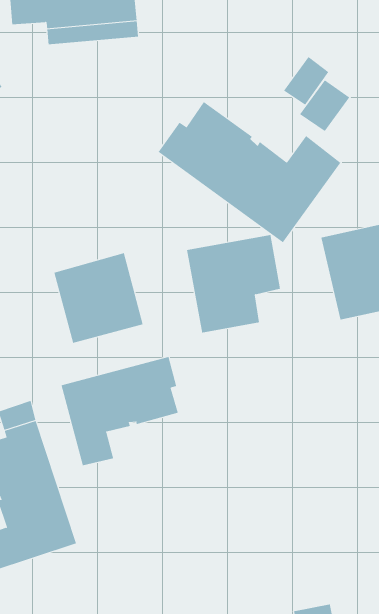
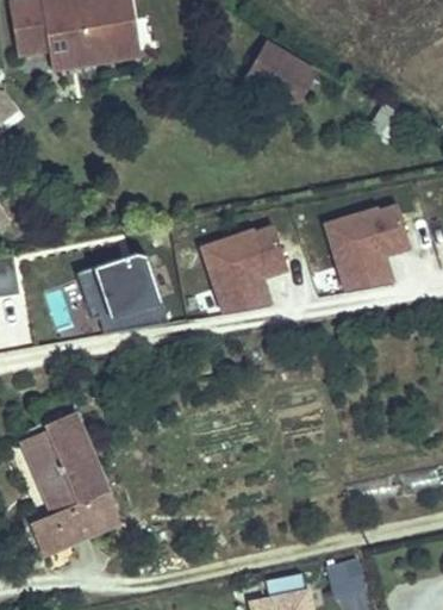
building: [299,80,350,132] -> [249,44,294,92]
building: [158,101,341,243] -> none
building: [61,356,178,466] -> none

